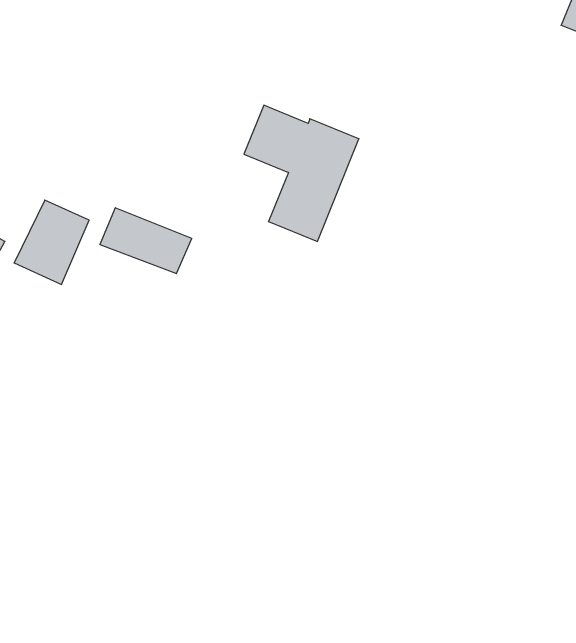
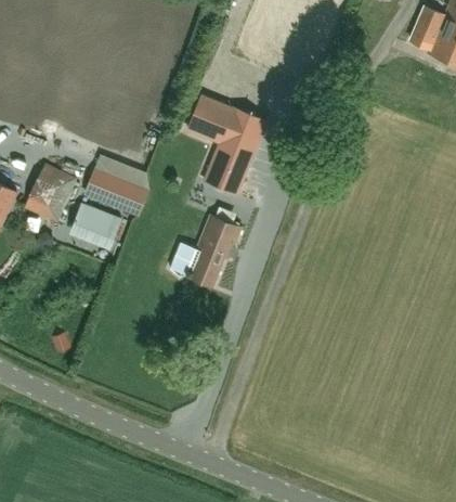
building: none -> [70,204,119,244]
building: none -> [169,215,242,285]

